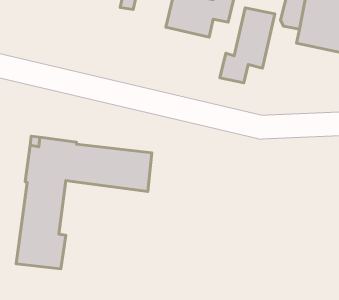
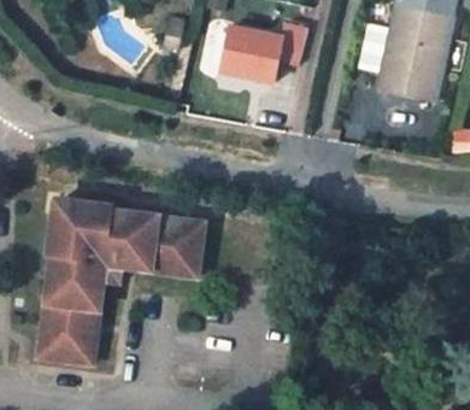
building: [220,8,275,83] -> none
building: none -> [90,256,199,322]

